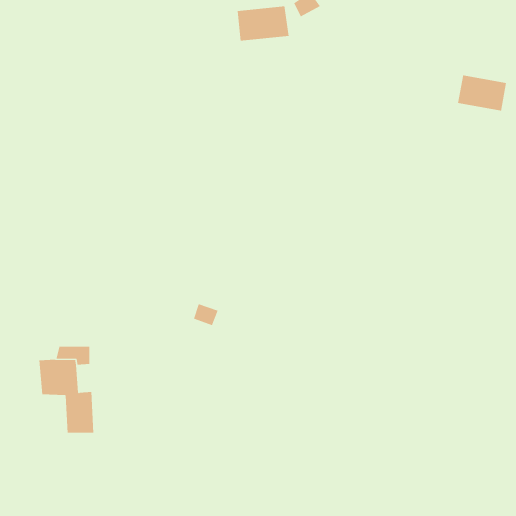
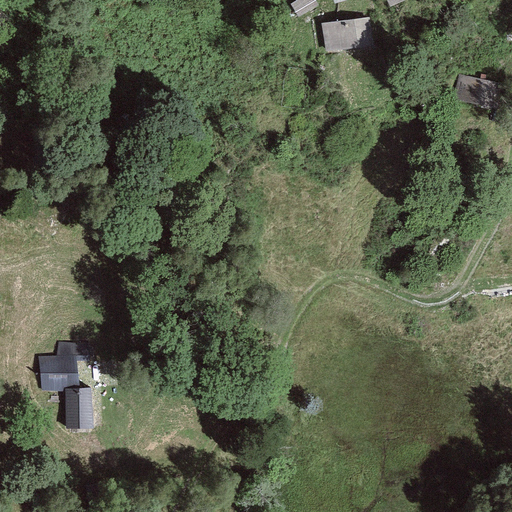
building: [237,6,289,41] -> [322,17,374,52]

